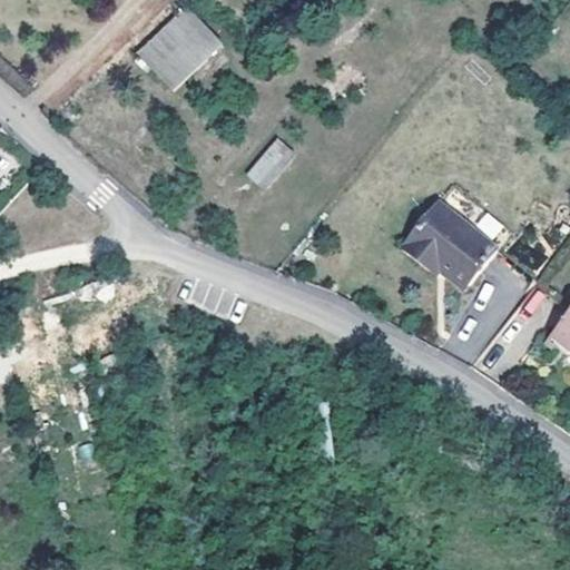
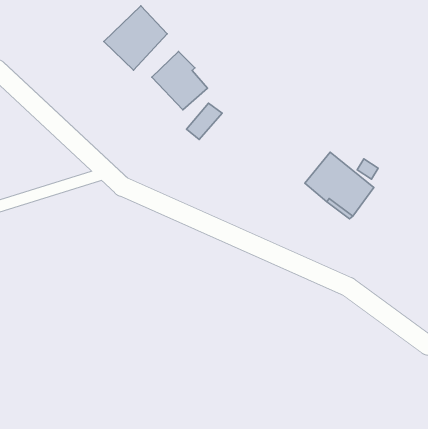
building: none -> [152,52,208,110]

